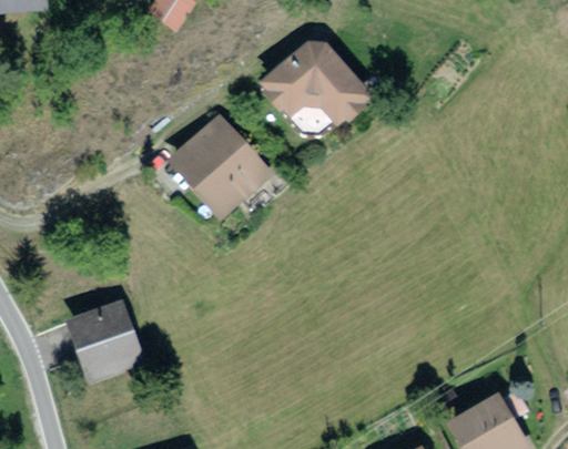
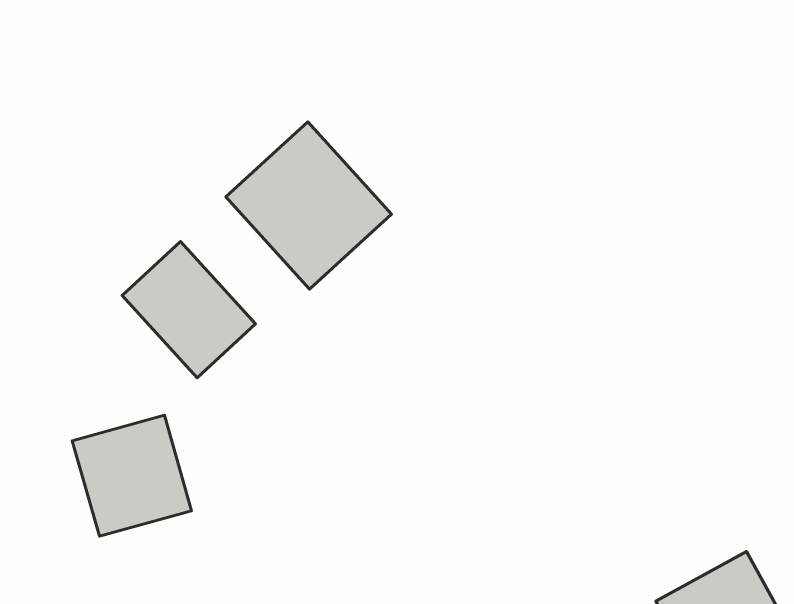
building: [262,41,372,133] -> none
building: none -> [122,241,255,378]

